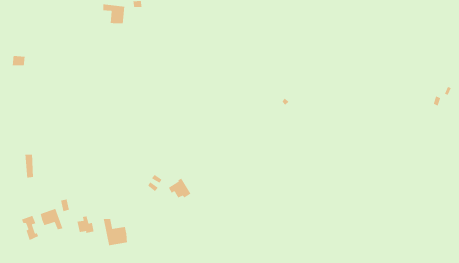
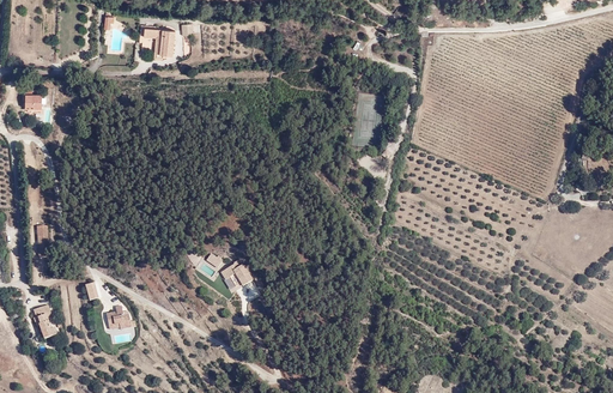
building: [40,208,64,230] -> none
building: [103,218,128,246] -> none

